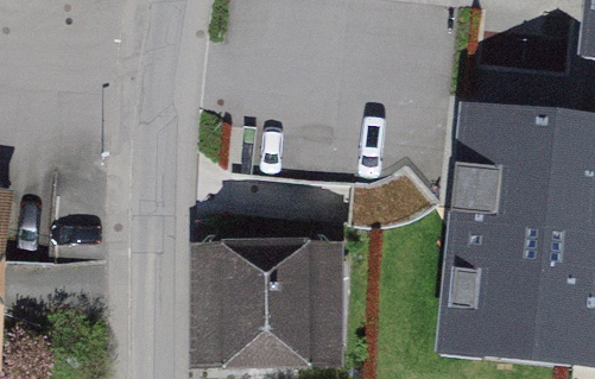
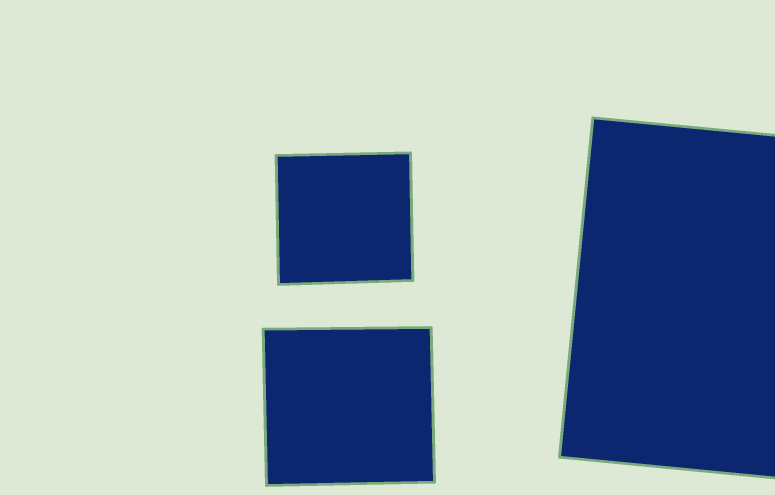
building: none -> [276,153,413,284]

